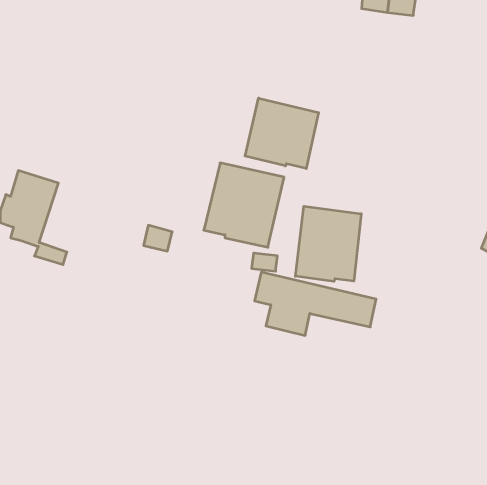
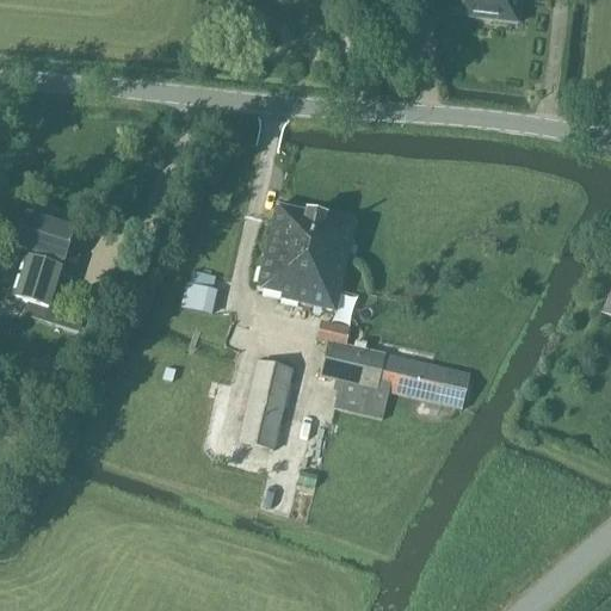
building: [245,98,319,169] -> none
building: [295,206,361,281] -> none
building: none -> [239,359,292,448]

